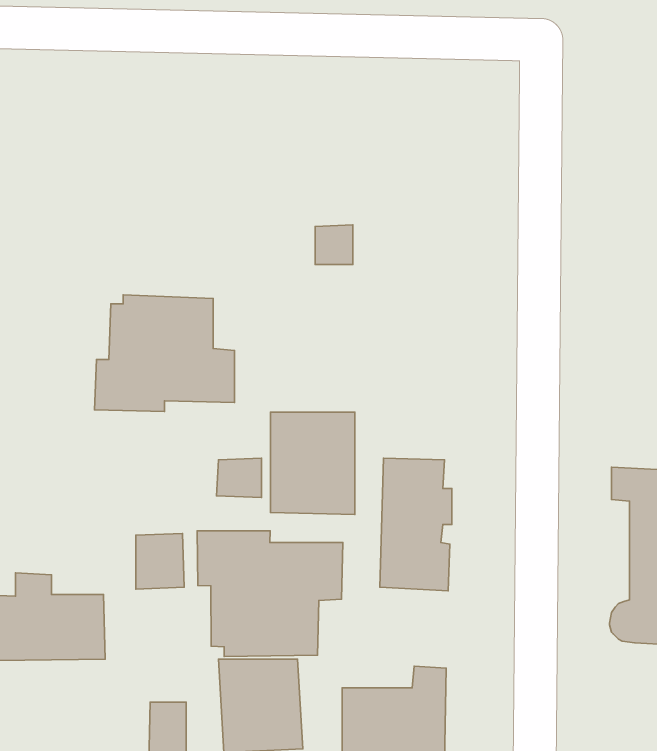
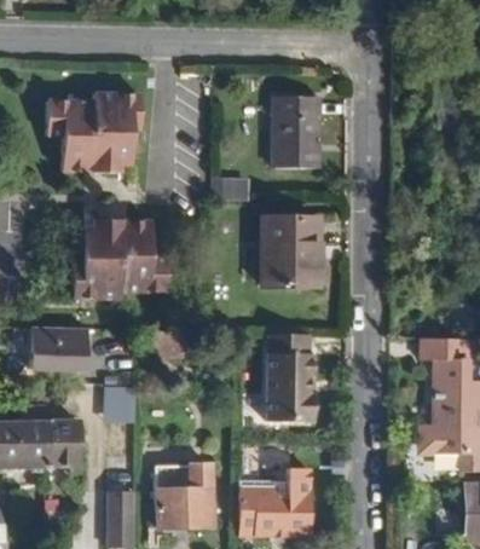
building: none -> [47,94,143,171]
building: none -> [274,97,319,167]
building: [270,412,355,514] -> [262,219,319,288]
building: none -> [33,324,88,368]
building: [197,531,343,656] -> none

